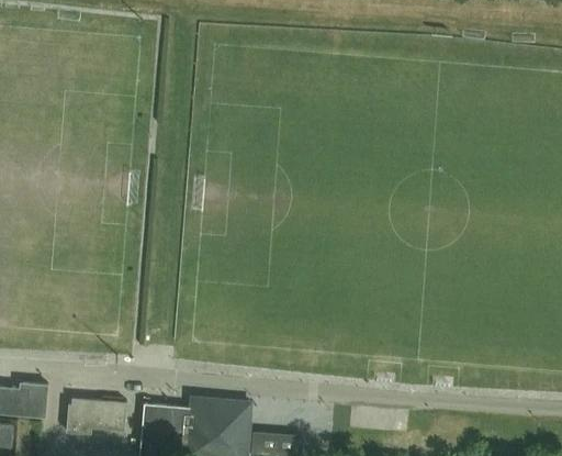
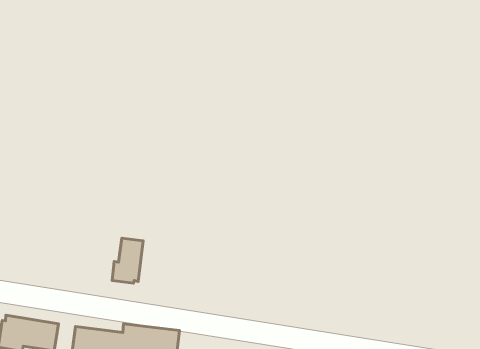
building: none -> [112,238,143,283]

